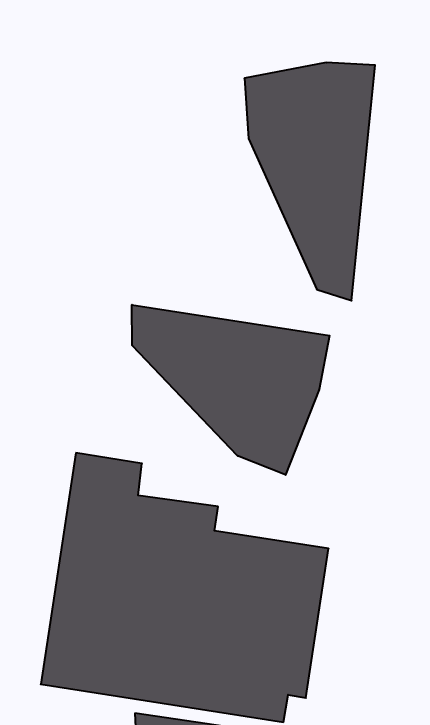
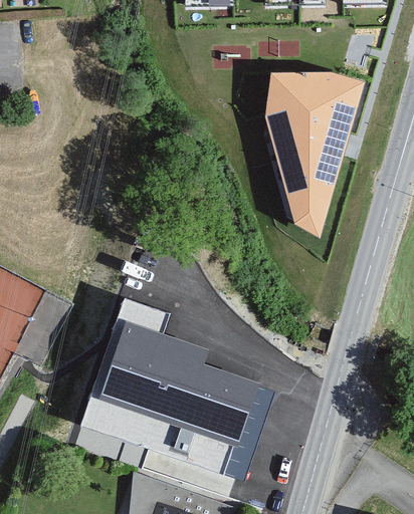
building: [132,305,330,475] -> none

